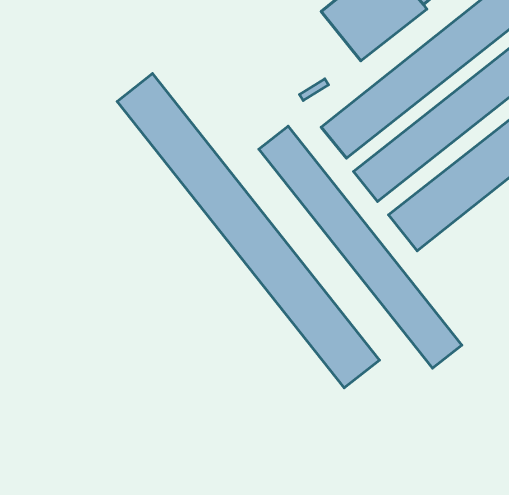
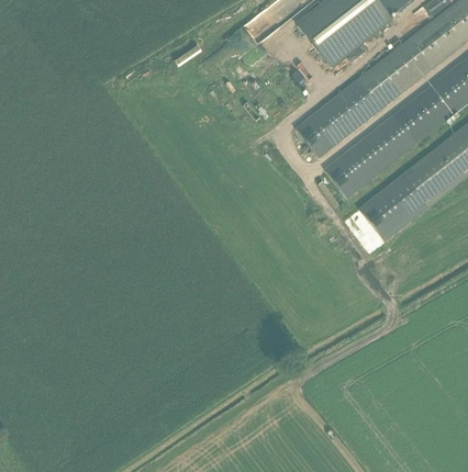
building: [117,74,380,388] -> none
building: [259,126,462,368] -> none

